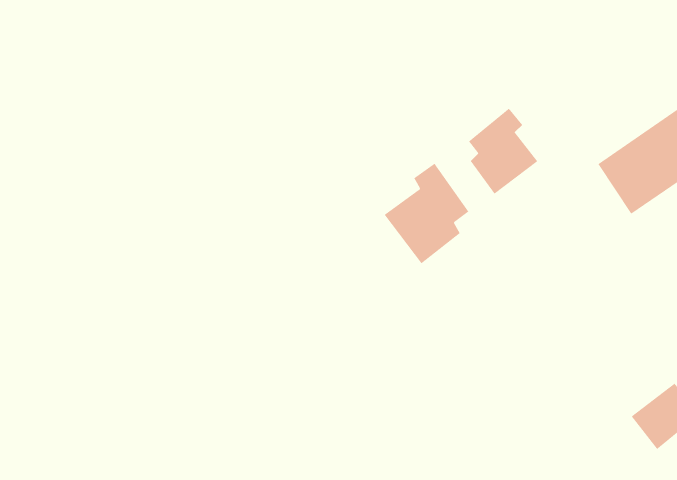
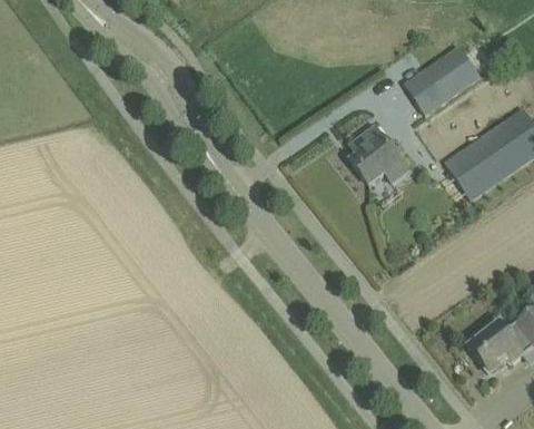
building: none -> [405,46,482,114]
building: [384,163,469,264] -> none

